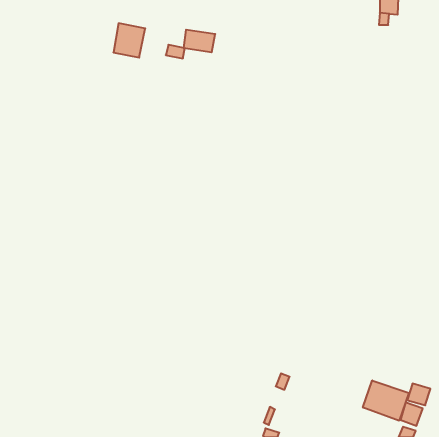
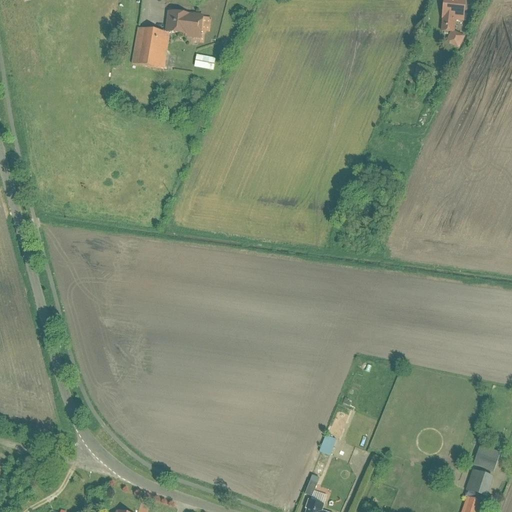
building: [183,30,215,52] -> [166,10,203,36]
building: [363,380,409,421] -> none

